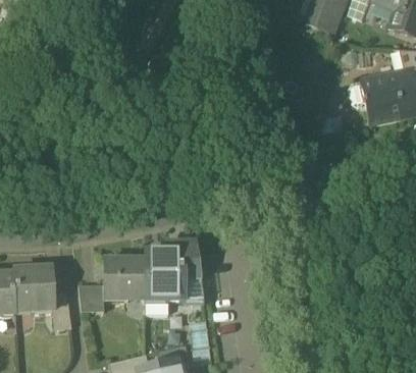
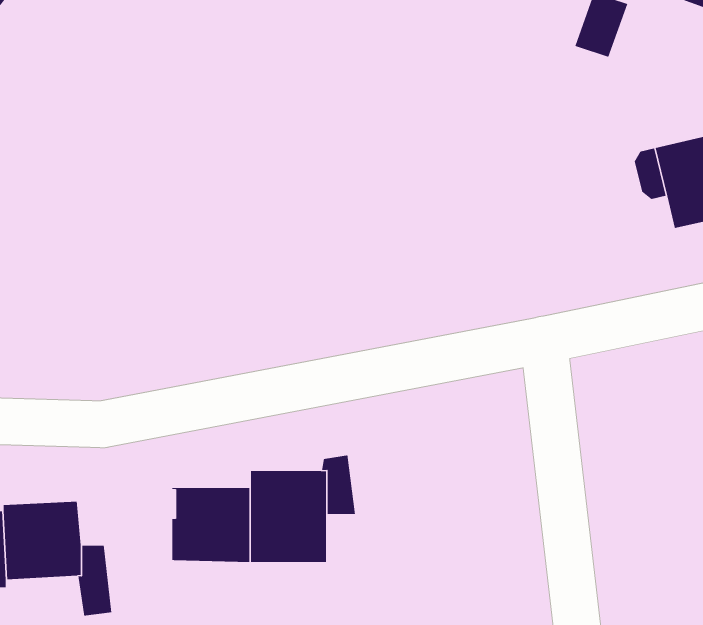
building: [79,282,104,310] -> none

